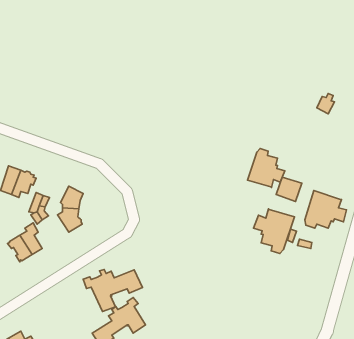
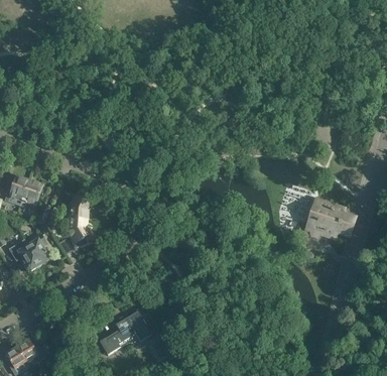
building: [248,149,285,187] -> none
building: [253,209,295,253] -> none
building: [83,269,143,311] -> none

